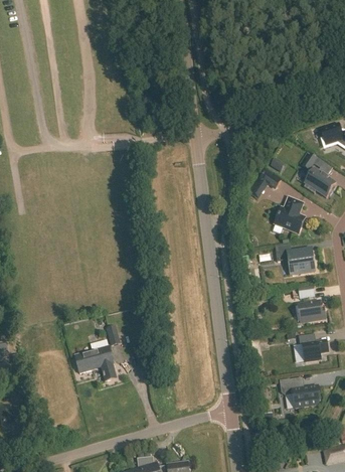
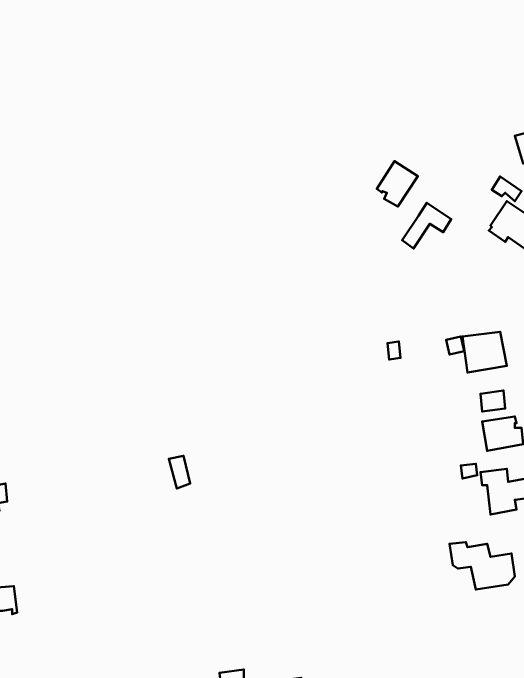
building: none -> [377,161,418,206]
building: [275,196,306,233] -> none
building: [74,345,117,381] -> none

